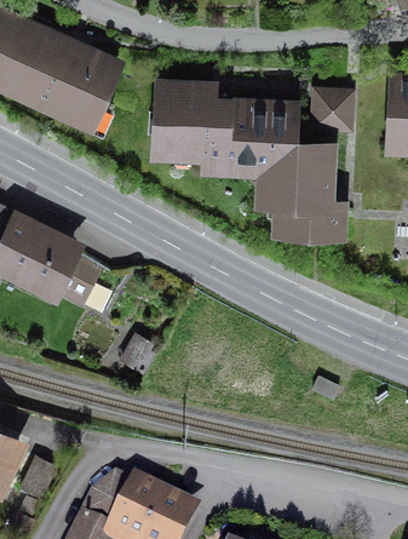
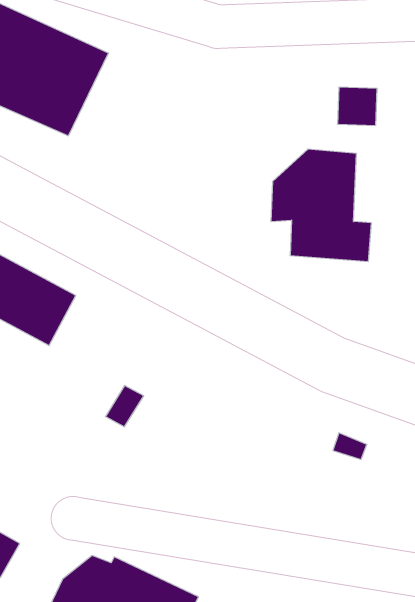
building: [154,82,294,170] -> none

